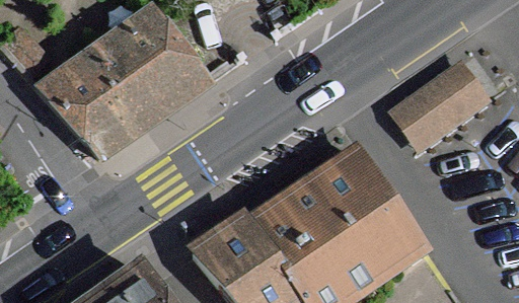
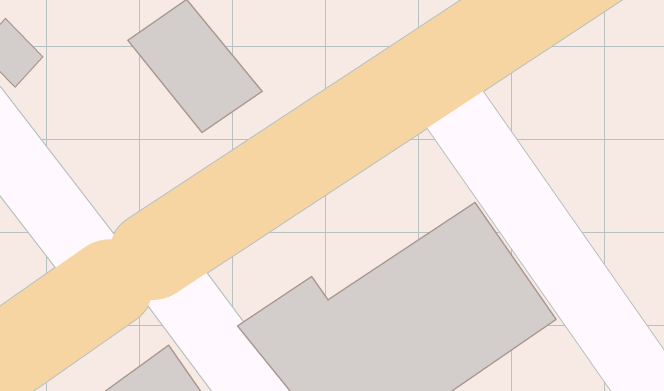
building: [40,42,166,155] -> none
building: [389,59,487,145] -> none

